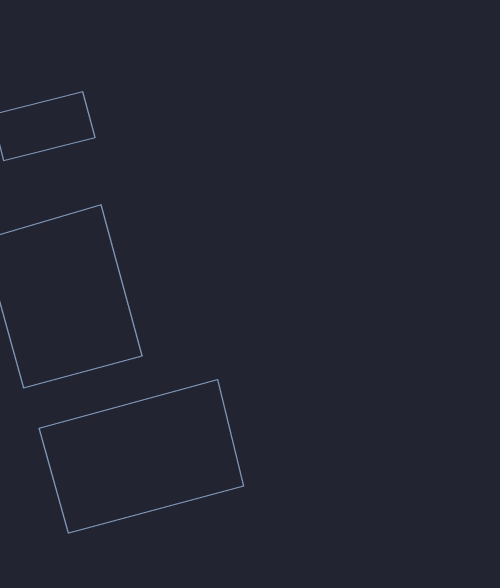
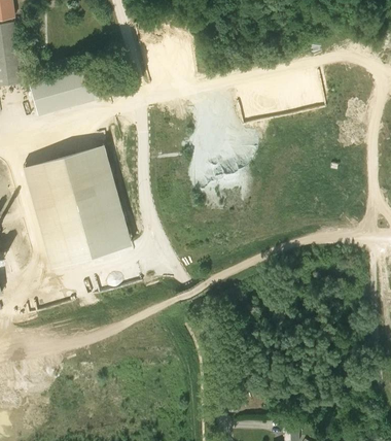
building: [39,380,244,533] -> none

